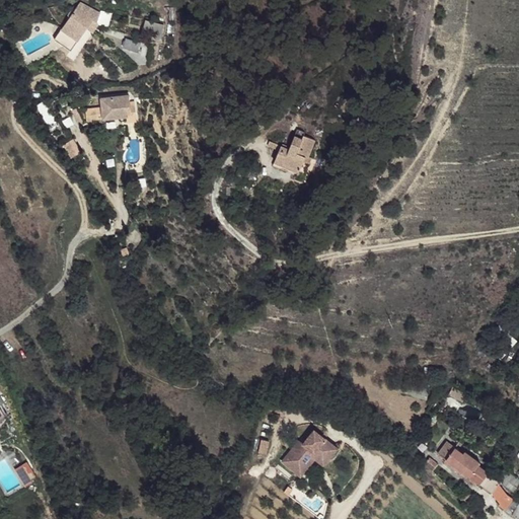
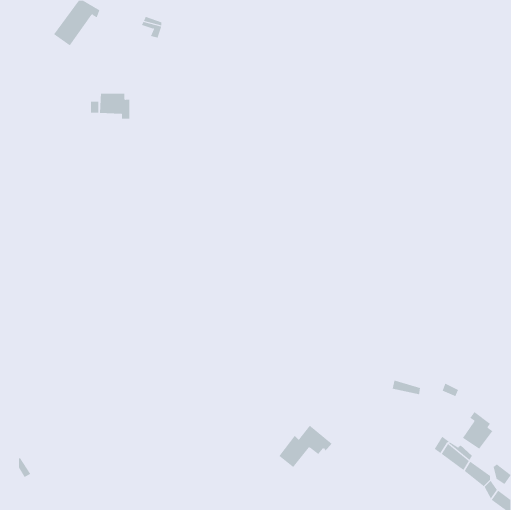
building: [275,138,315,174] -> none
building: none -> [462,411,493,450]

